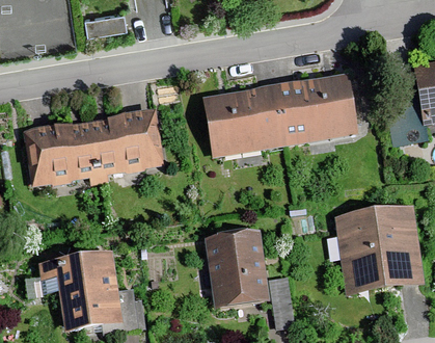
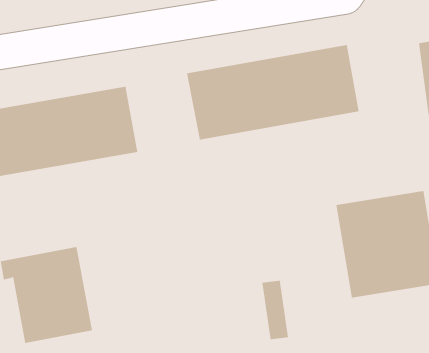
building: [206,232,270,309] -> none

